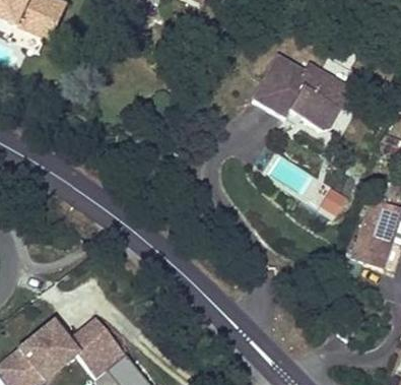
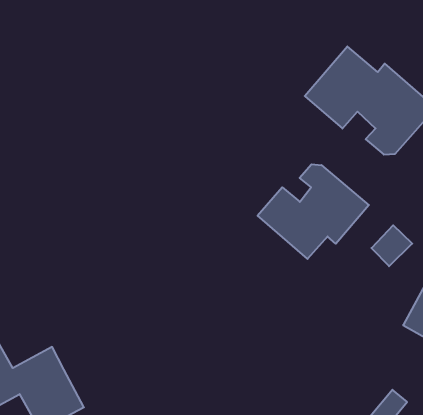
building: none -> [258,164,369,259]

